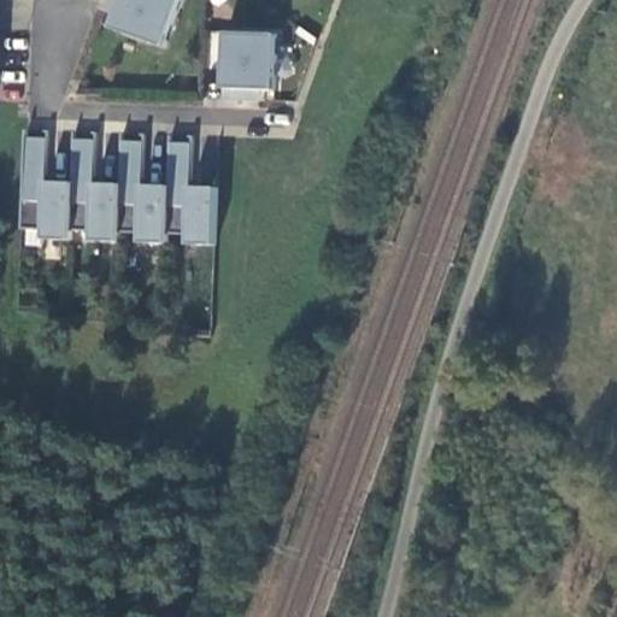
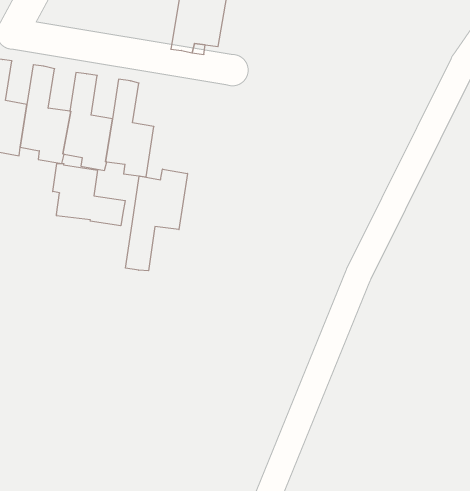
building: none -> [126,169,187,271]
building: none -> [53,164,125,226]

